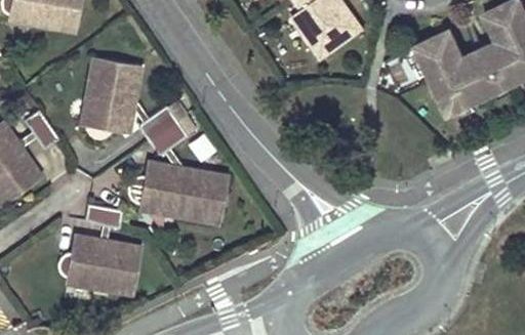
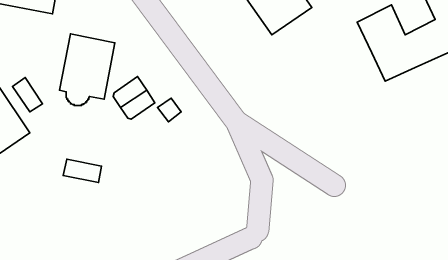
building: [125,163,224,227] -> none
building: [50,231,133,292] -> none

